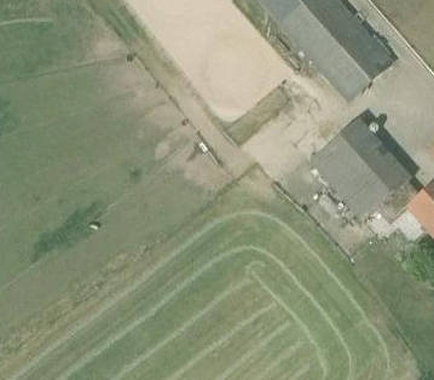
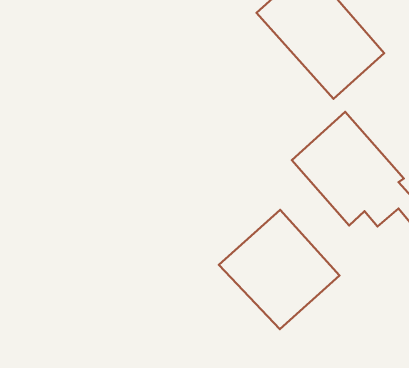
building: none -> [219,210,339,329]

